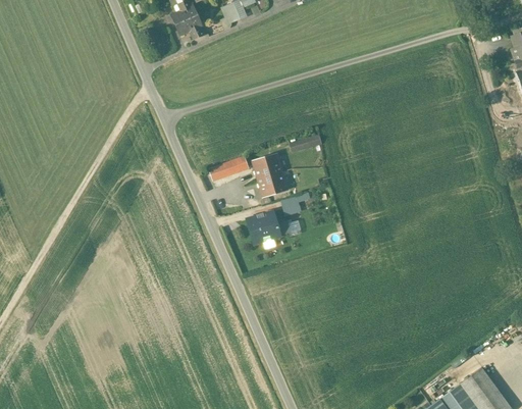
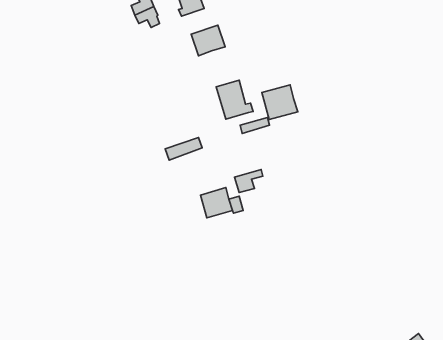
building: none -> [191,25,225,56]
building: none -> [262,85,298,120]
building: [253,154,293,196] -> [216,80,253,119]

